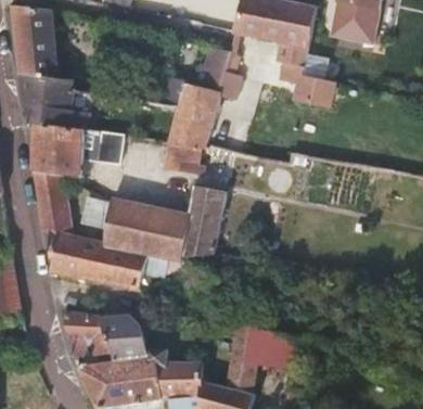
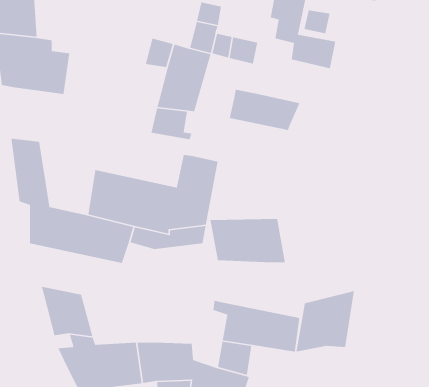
building: [33,124,124,177] -> none
building: none -> [229,89,300,131]
building: none -> [210,218,286,263]
building: none -> [295,290,355,352]
building: [99,314,166,362] -> none

